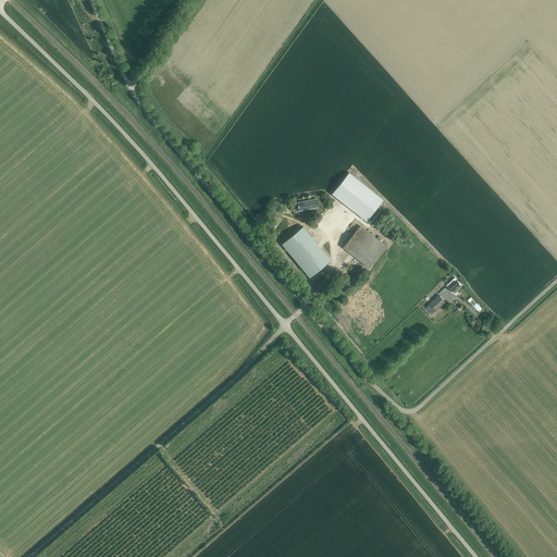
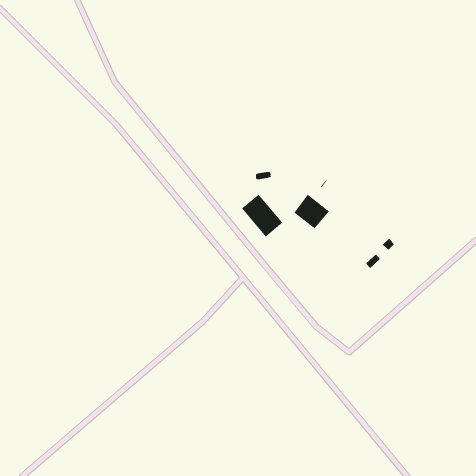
building: [332,172,383,221] -> none

